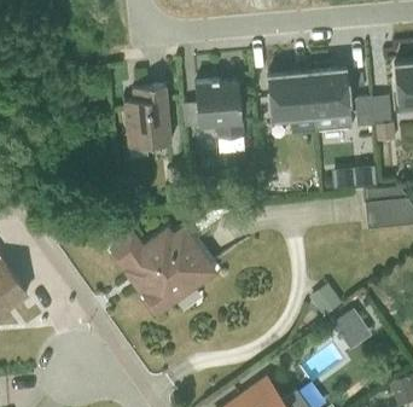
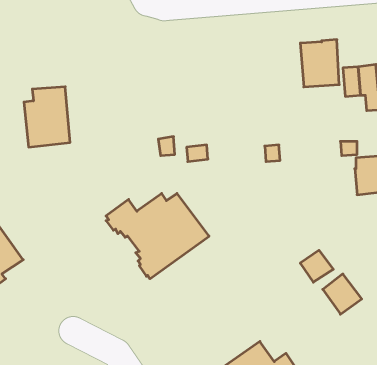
building: [267,74,313,121] -> none
building: [194,82,244,140] -> none
building: [123,87,170,149] -> [24,87,70,147]

